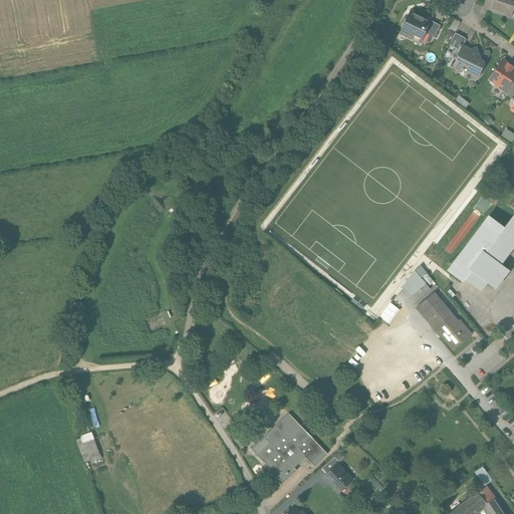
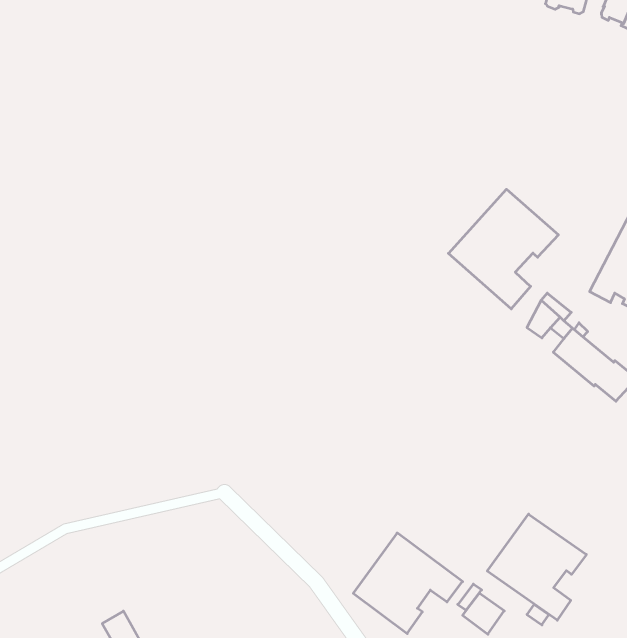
building: none -> [448,189,558,309]
building: none -> [487,514,586,620]

